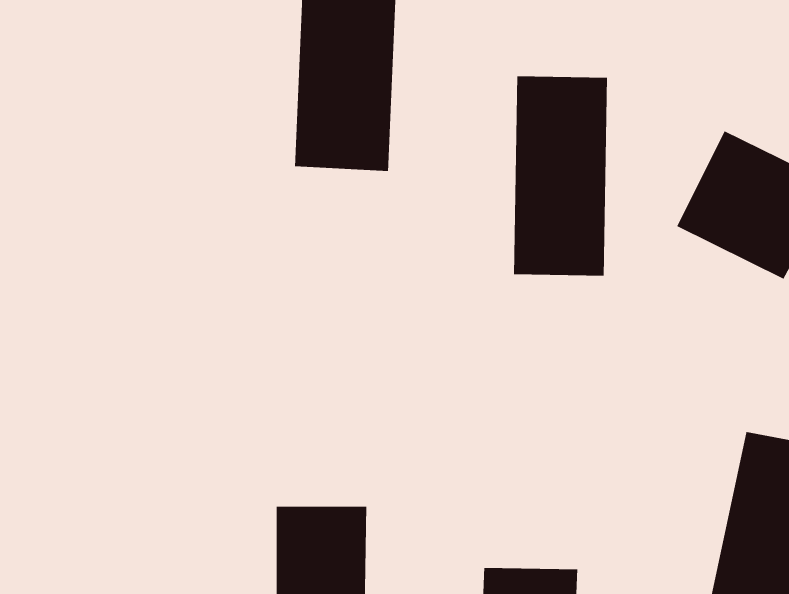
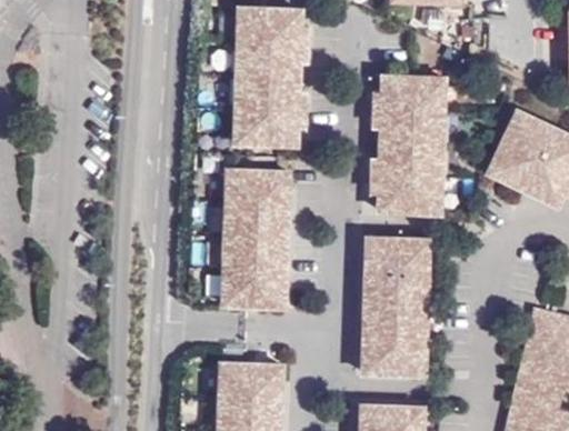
building: none -> [223,169,288,300]
building: none -> [359,238,427,371]

